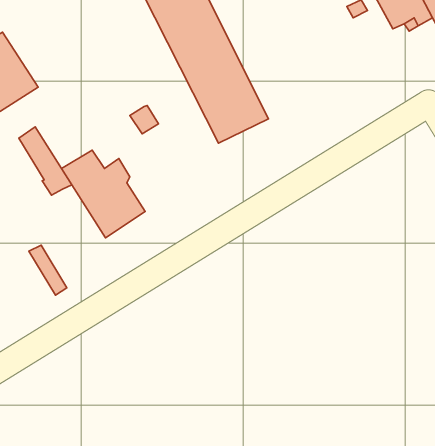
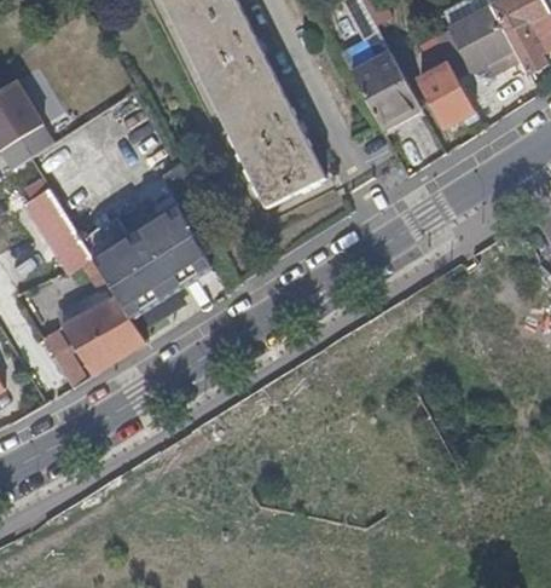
building: none -> [349,51,419,127]
building: none -> [418,62,474,126]
building: none -> [146,204,210,287]
building: none -> [62,255,145,373]

